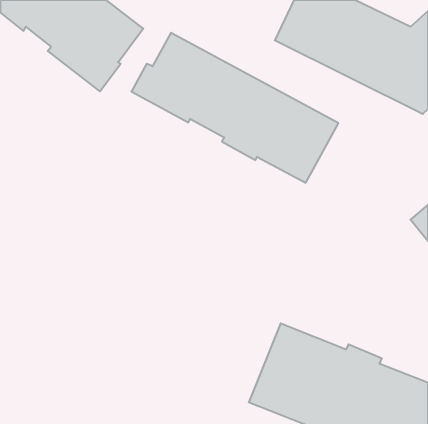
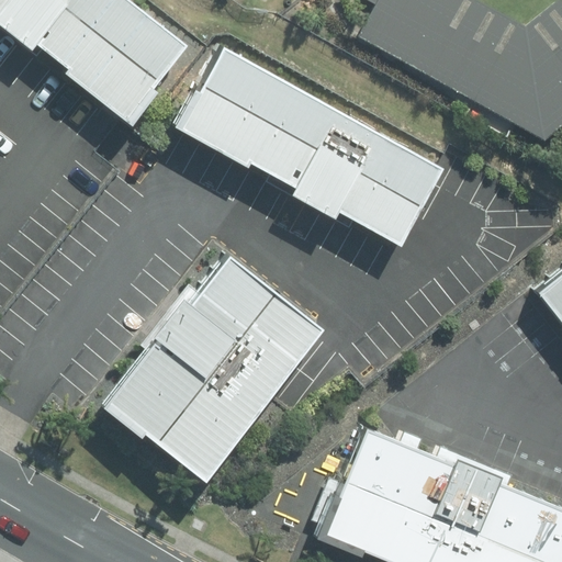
building: none -> [102,256,322,479]

